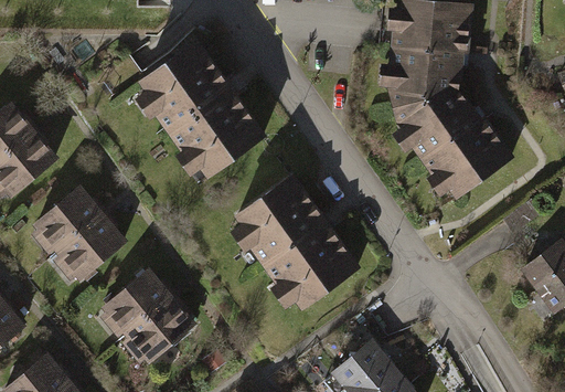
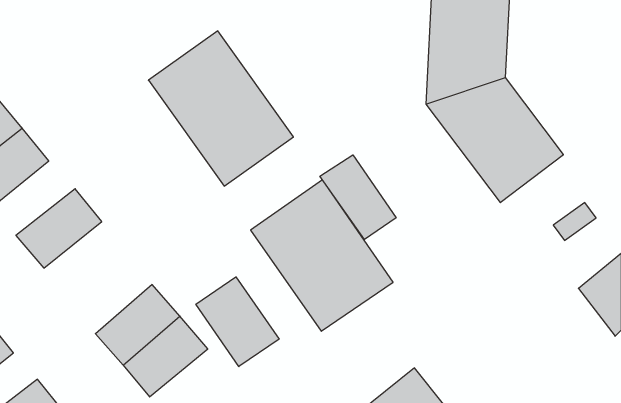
building: none -> [320,155,396,239]
building: [53,215,127,285] -> none
building: none -> [196,277,279,367]

